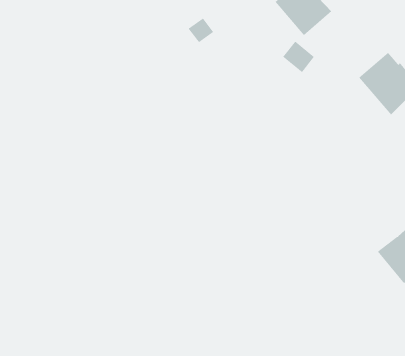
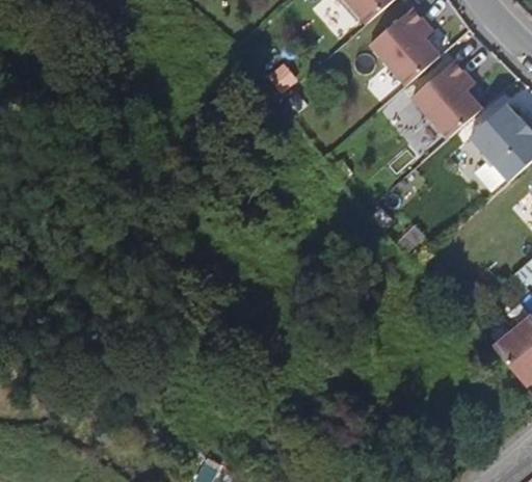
building: none -> [411,59,482,138]

